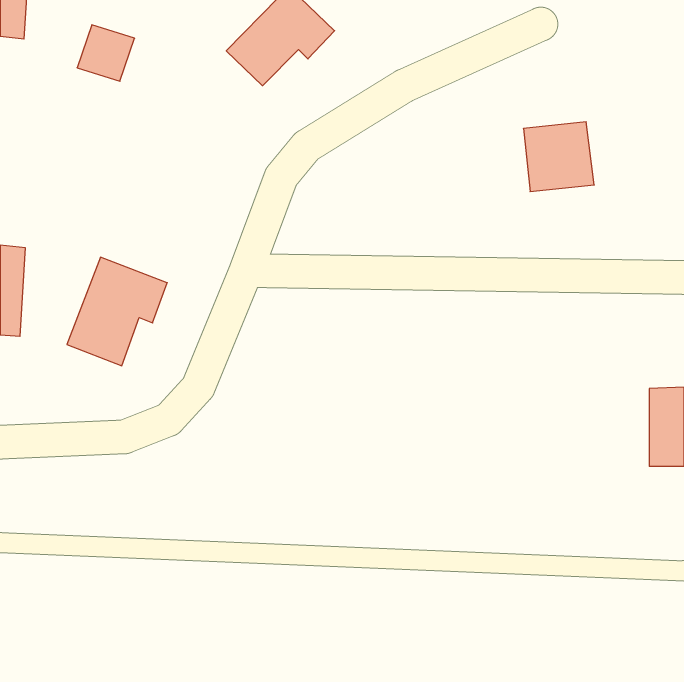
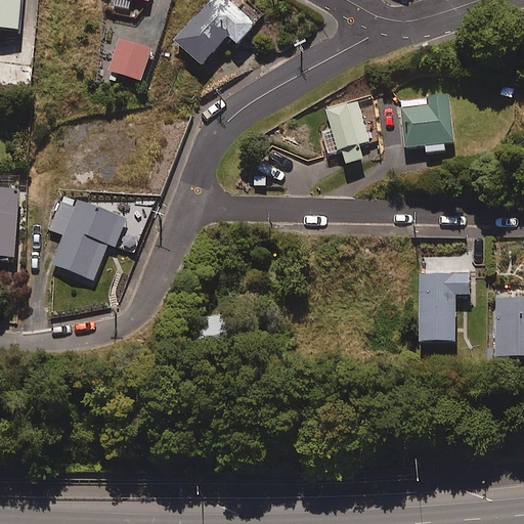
building: [77,25,135,81] -> [107,38,151,81]
building: none -> [326,99,369,164]
building: none -> [418,270,470,342]

